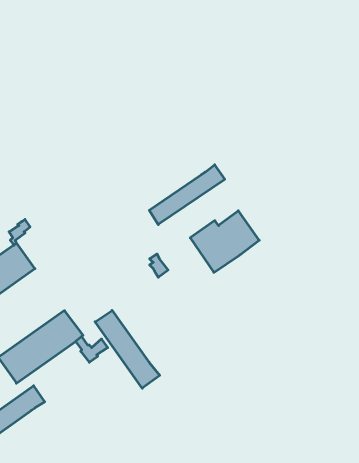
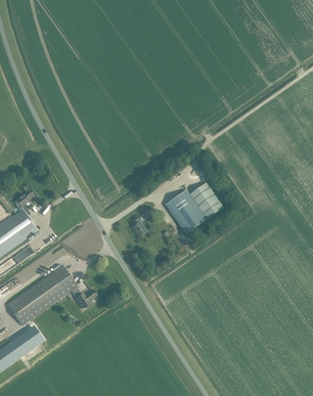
building: [149,165,225,225] -> none
building: [95,310,160,388] -> none

